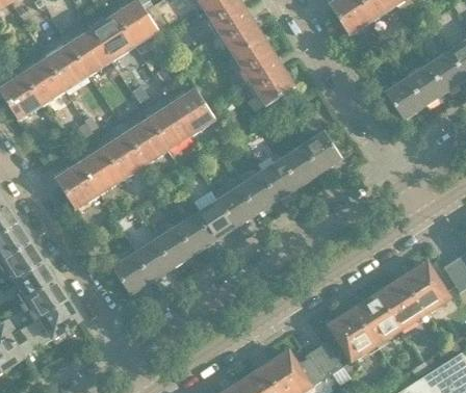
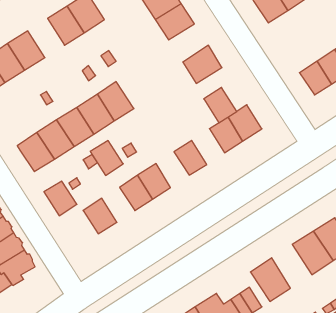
building: [69,29,111,75] -> none
building: [233,35,280,80] -> none
building: [172,88,215,134] -> none
building: [260,158,299,200] -> [204,87,237,123]
building: [218,185,257,227] -> none
building: [155,227,193,267] -> [90,141,123,175]
building: [112,254,151,294] -> [44,181,77,216]
building: [354,293,400,344] -> none

